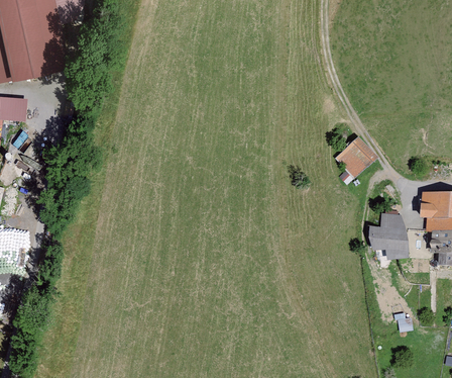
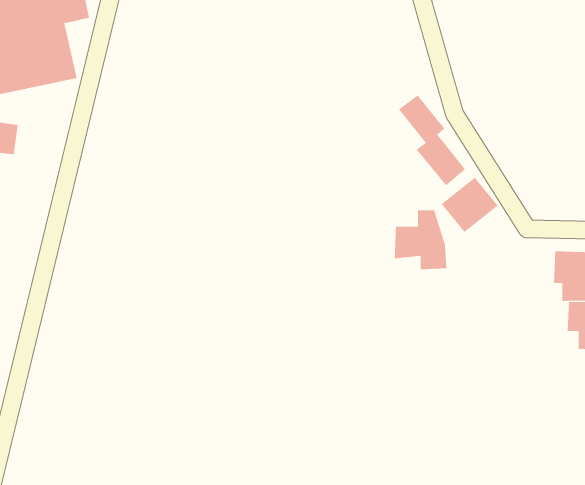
building: none -> [398,94,466,186]
building: [368,215,408,260] -> [394,210,447,270]

